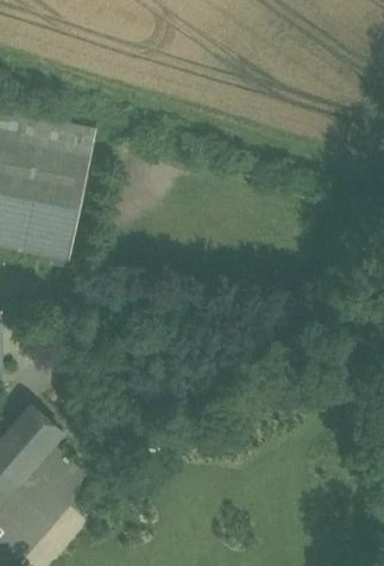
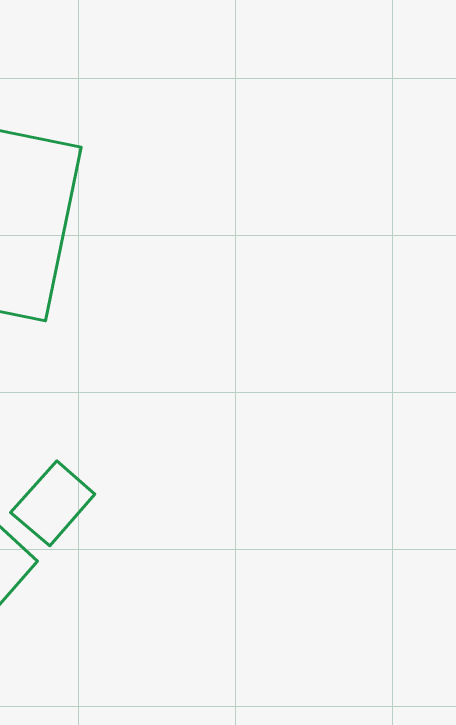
building: none -> [10,461,95,546]

